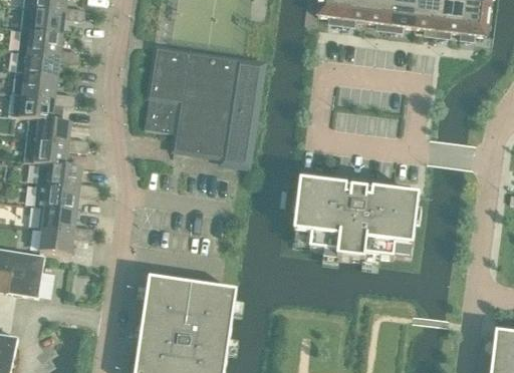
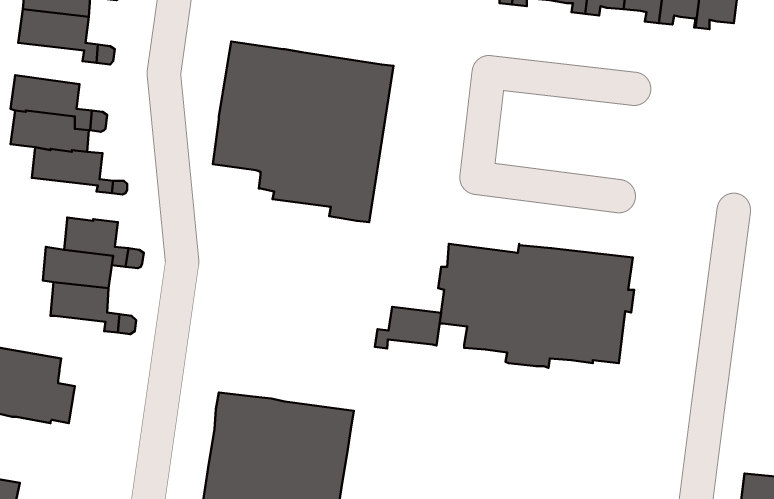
building: [15,48,60,75] -> none
building: [23,136,69,164] -> none
building: none -> [375,307,441,348]
building: [39,227,74,253] -> none

